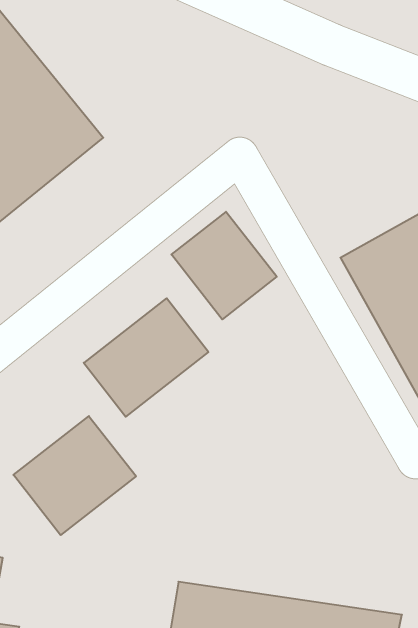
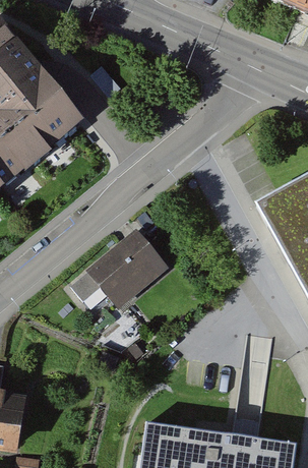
building: [171,212,277,319] -> none
building: [13,416,136,535] -> none

